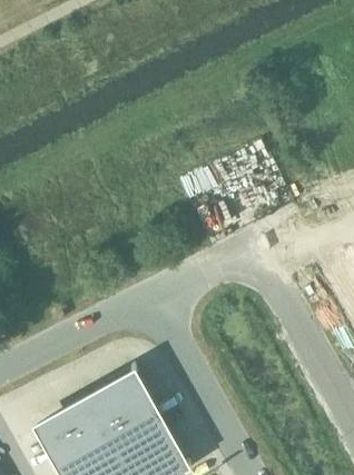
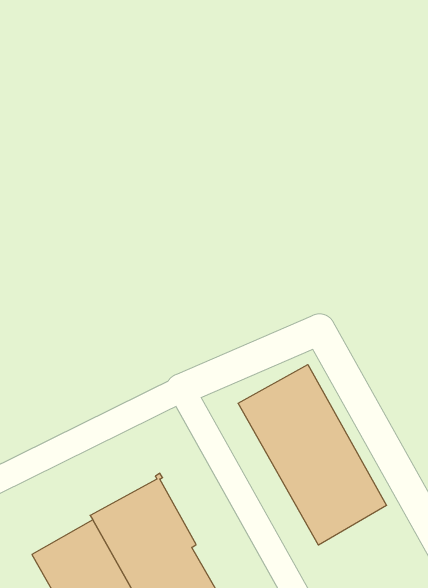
building: none -> [238,365,387,545]

